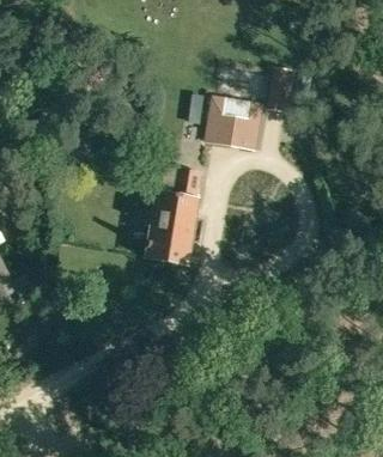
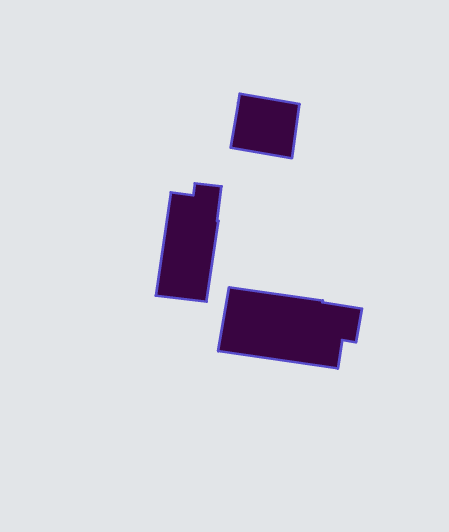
building: none -> [218,287,362,369]

